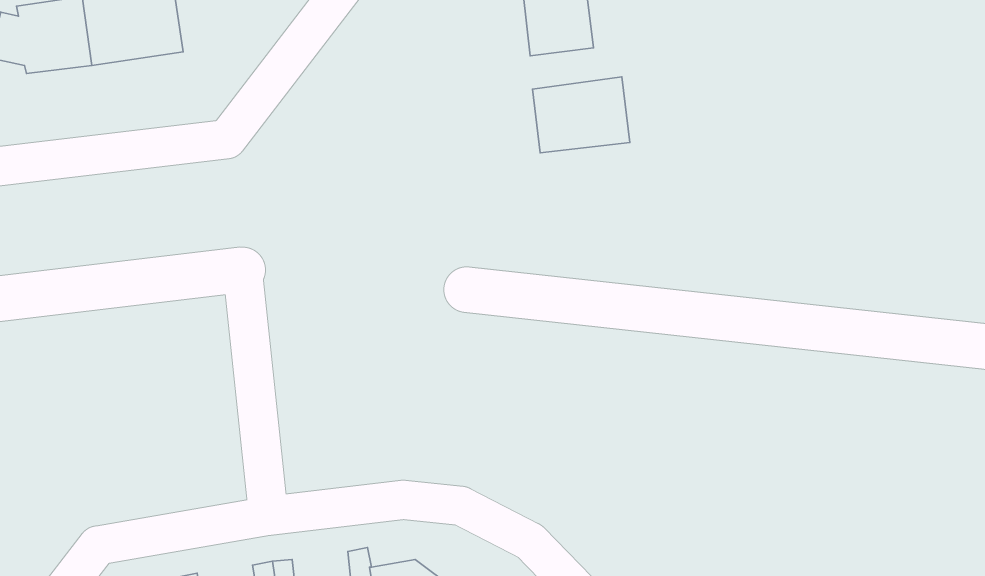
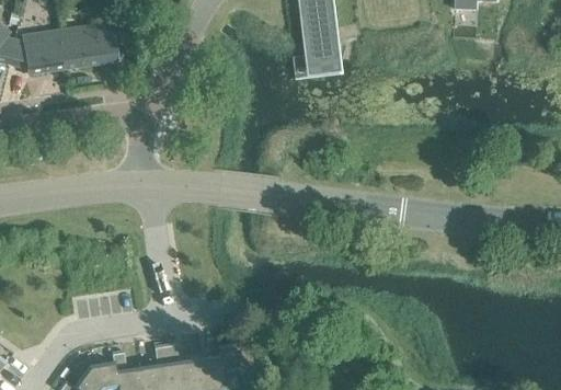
building: [533,77,630,153] -> none

